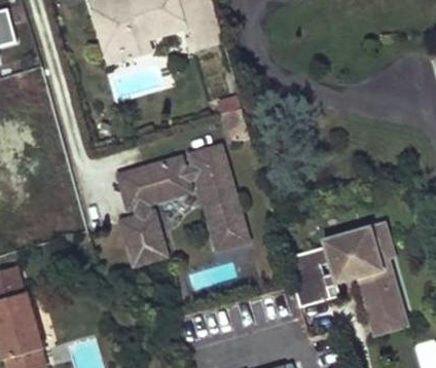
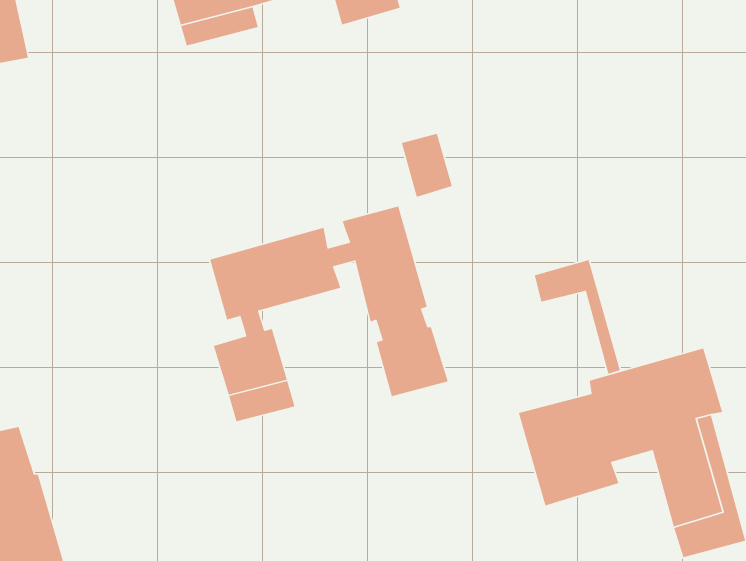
building: none -> [534,259,621,375]

